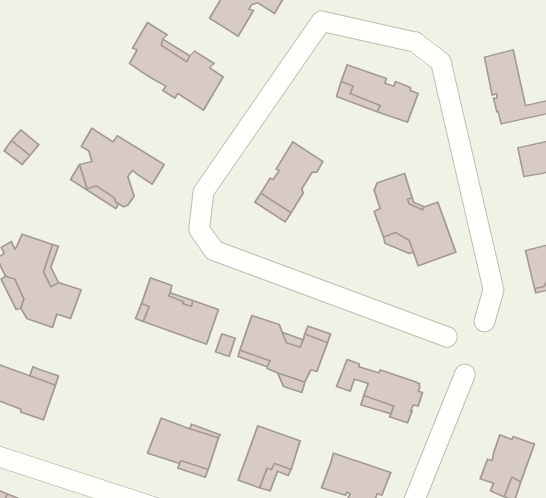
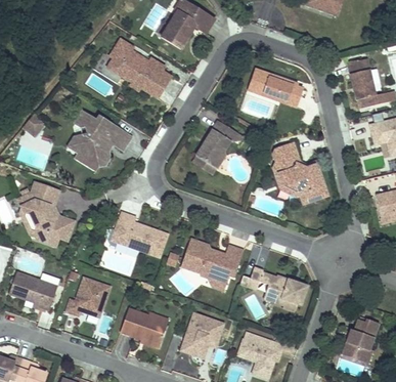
building: none -> [101,241,138,273]
building: none -> [65,277,111,315]

